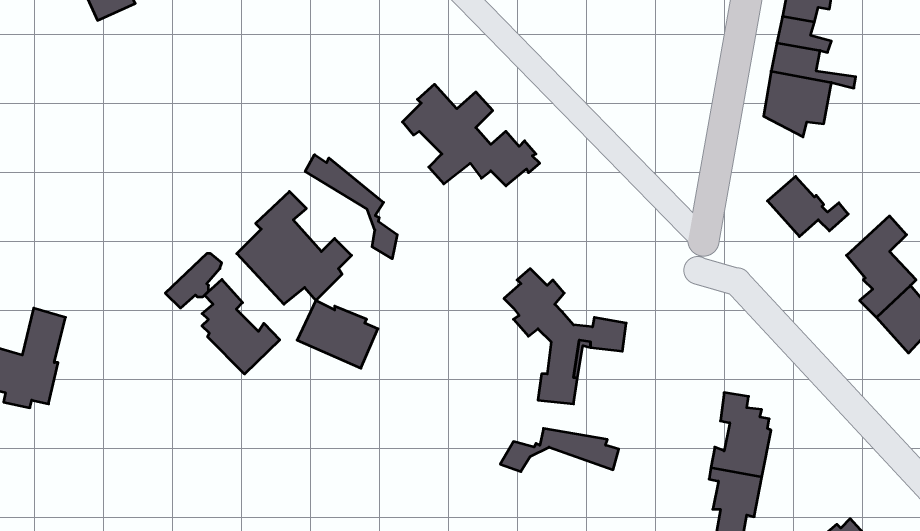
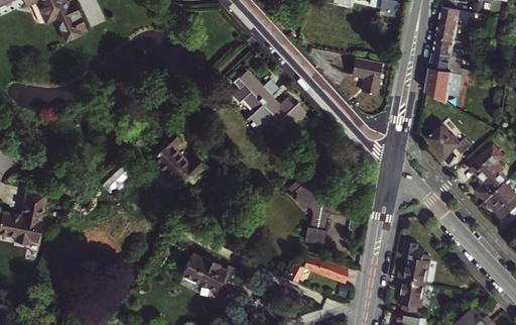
building: none -> [352,60,382,97]
building: [305,155,397,259] -> none
building: [202,279,280,374] -> none
building: [297,301,378,368] -> [179,256,223,293]

